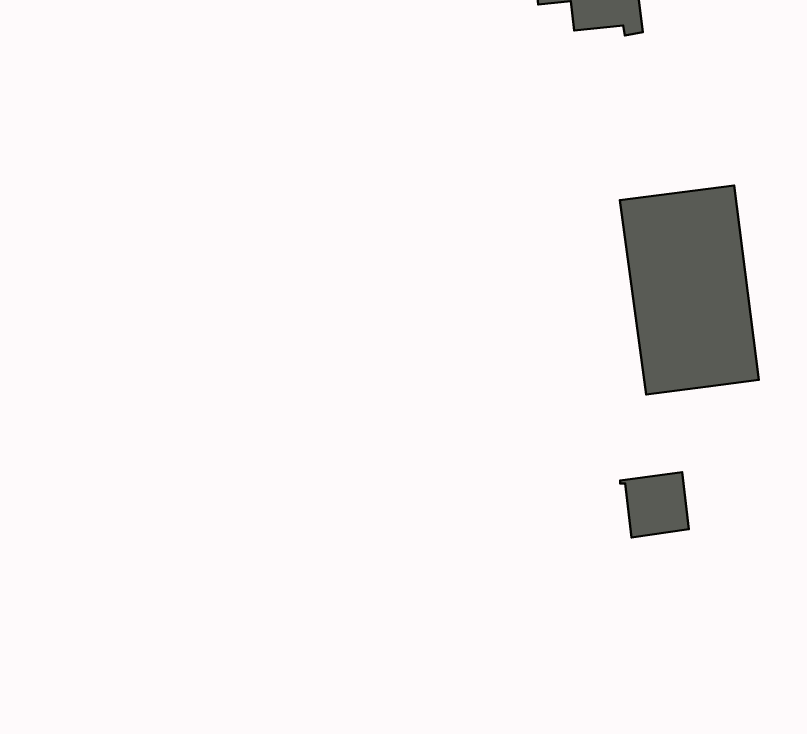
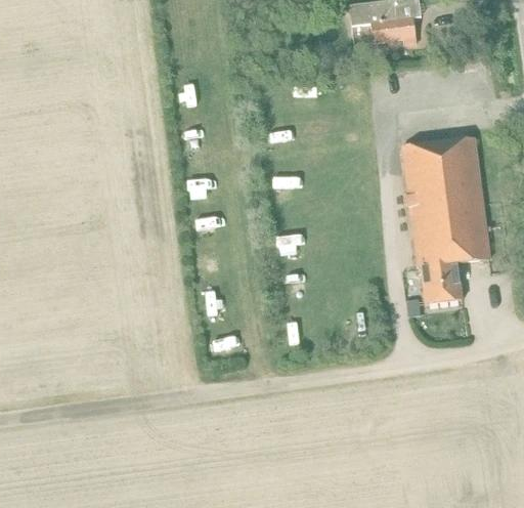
building: [620,472,689,537] -> [419,264,462,305]

